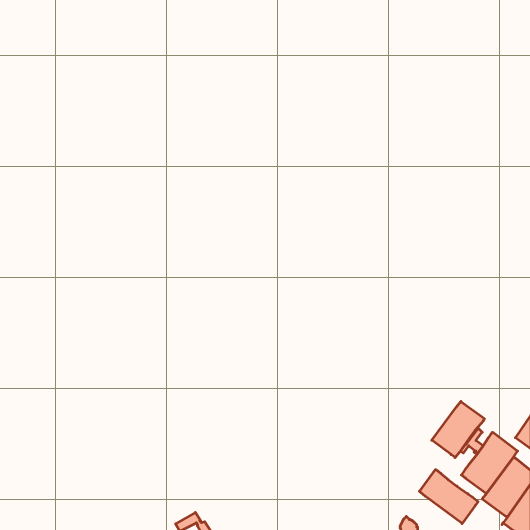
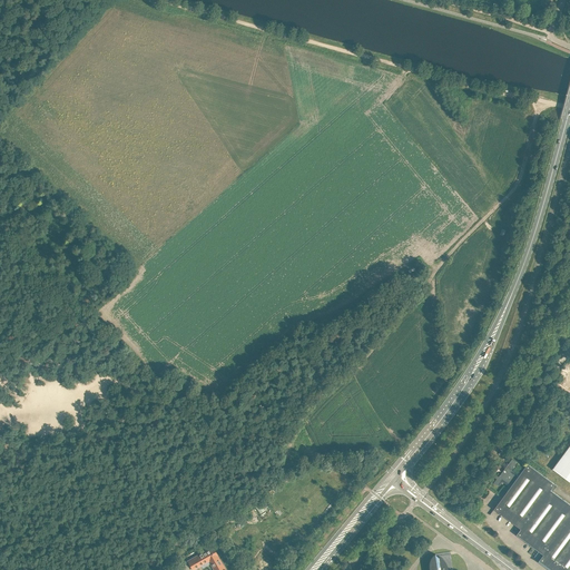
building: [432,401,484,458] -> none
building: [419,470,478,524] -> none

